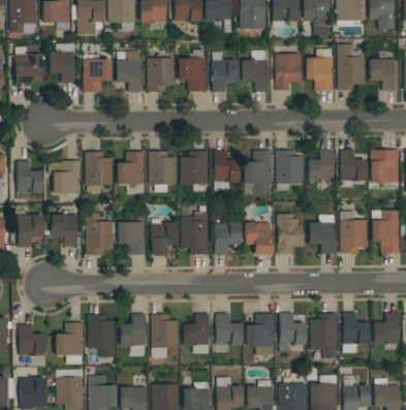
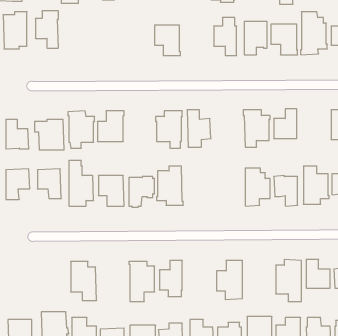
building: [116,52,142,93] -> none
building: [213,52,237,92] -> none
building: [83,55,112,93] -> none
building: [147,59,176,92] -> none
building: [341,150,366,188] -> none
building: [244,151,272,194] -> none
building: [148,152,177,192] -> none
building: [214,223,241,255] -> none
building: [245,223,273,255] -> none
building: [280,313,305,345] -> none
building: [120,314,146,346] -> none
building: [216,314,242,345] -> none
building: [56,322,84,364] -> none
building: [19,324,45,356] -> none

